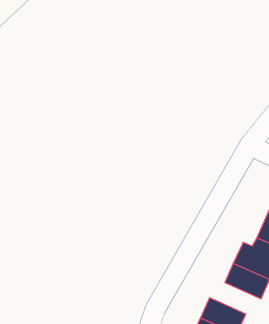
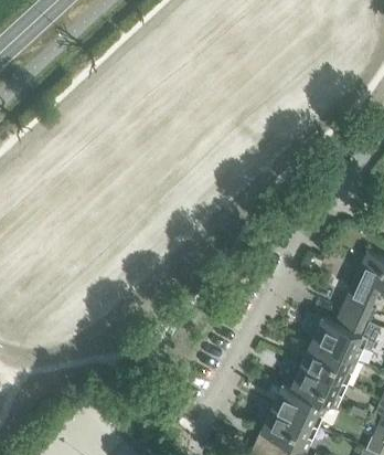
building: none -> [290,367,345,409]

